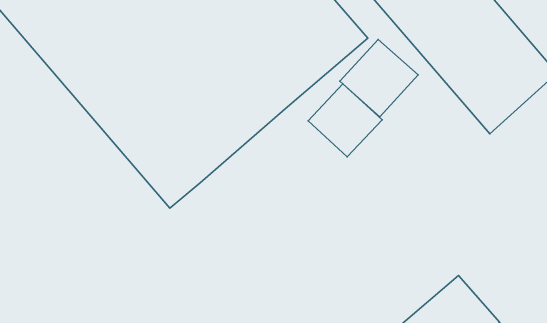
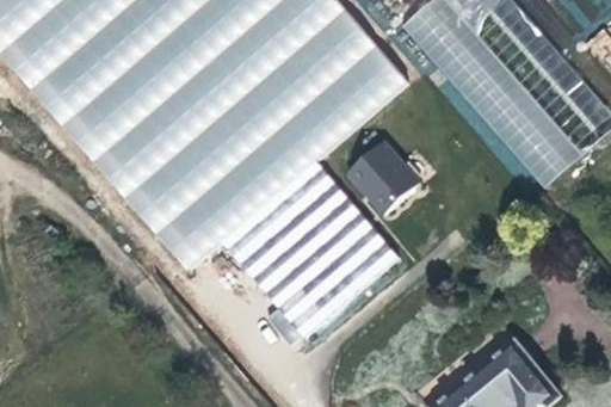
building: [340,39,418,117] -> none
building: none -> [223,161,397,337]

